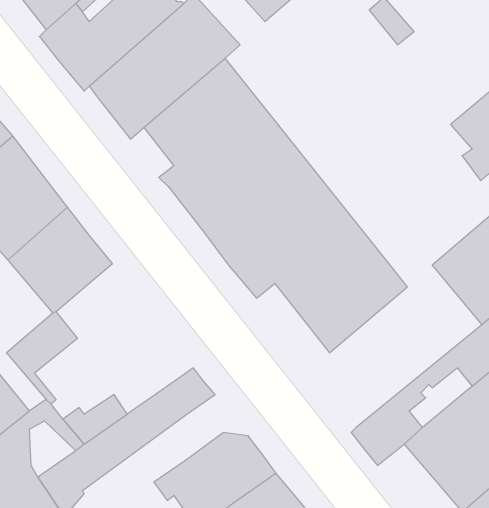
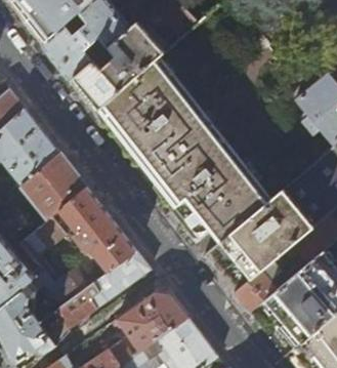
building: none -> [64,187,135,268]
building: none -> [208,188,313,288]

